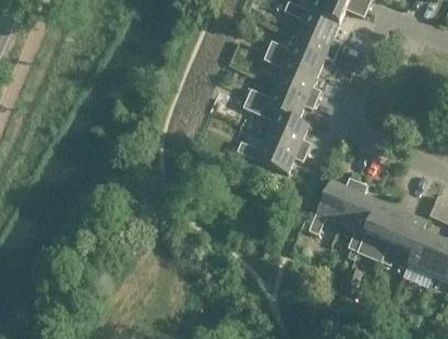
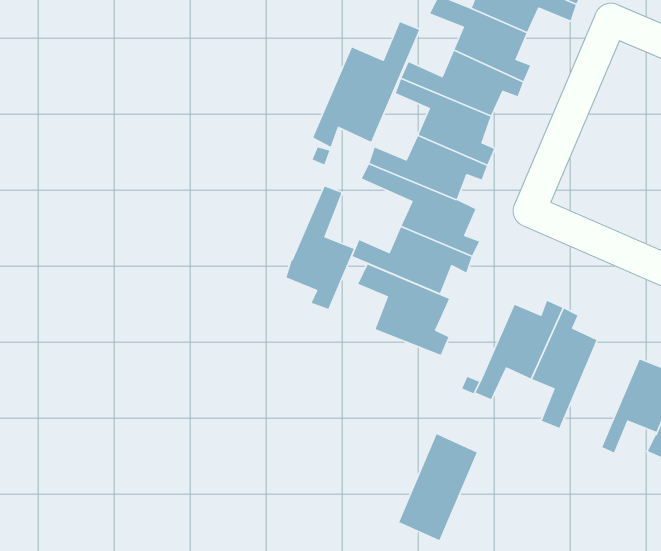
building: none -> [312,21,420,148]
building: none -> [285,186,355,310]
building: none -> [357,263,450,356]
building: [358,199,403,262] -> [398,433,478,541]

